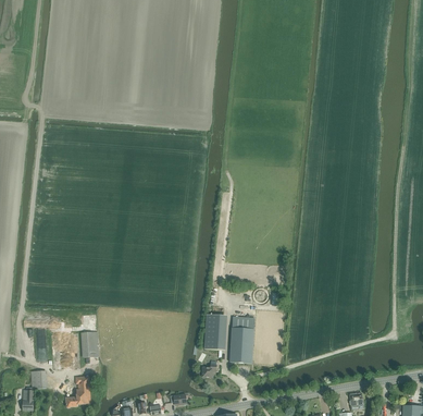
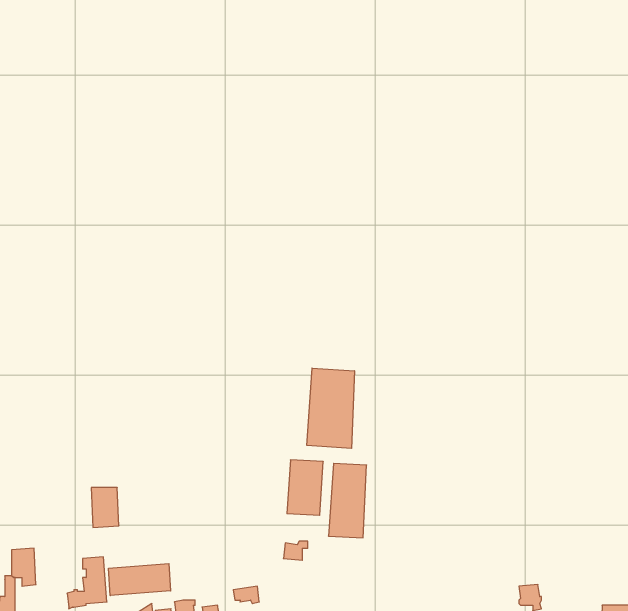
building: none -> [307,368,354,448]
building: none -> [109,564,171,596]

